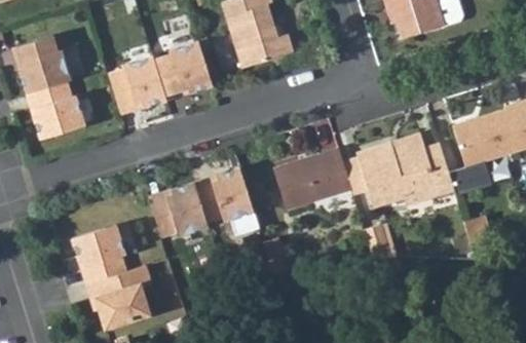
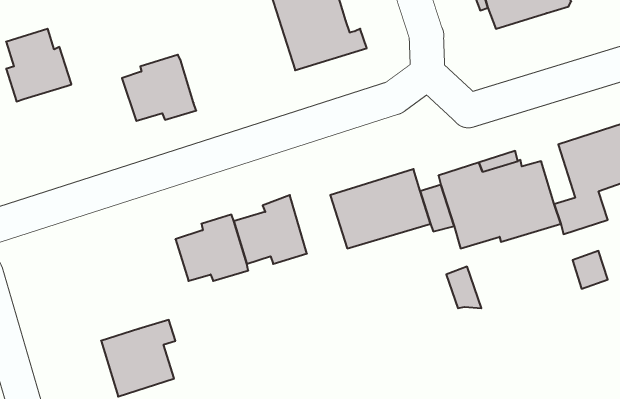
building: [154,41,213,94] -> none
building: [31,81,82,138] -> none
building: [71,223,125,282] -> none

